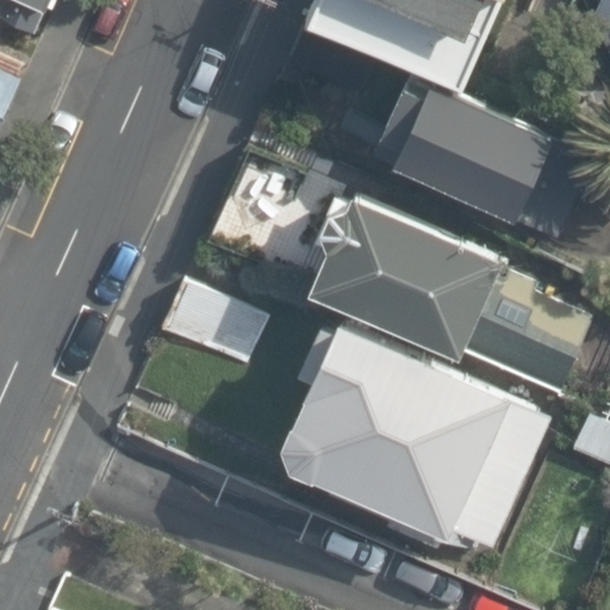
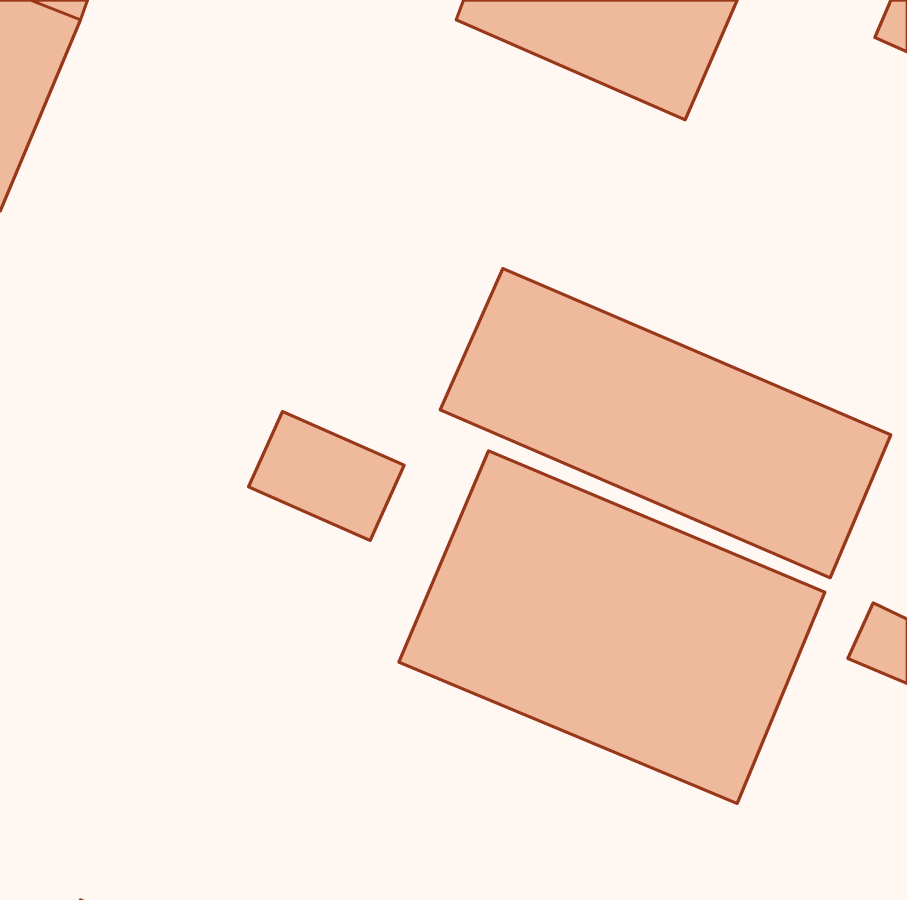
building: [372,79,596,247] -> none

